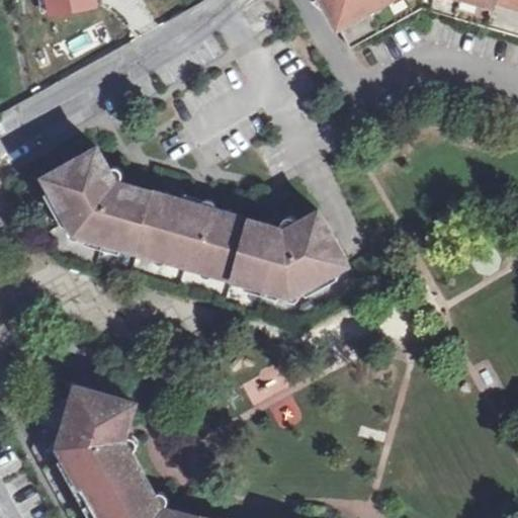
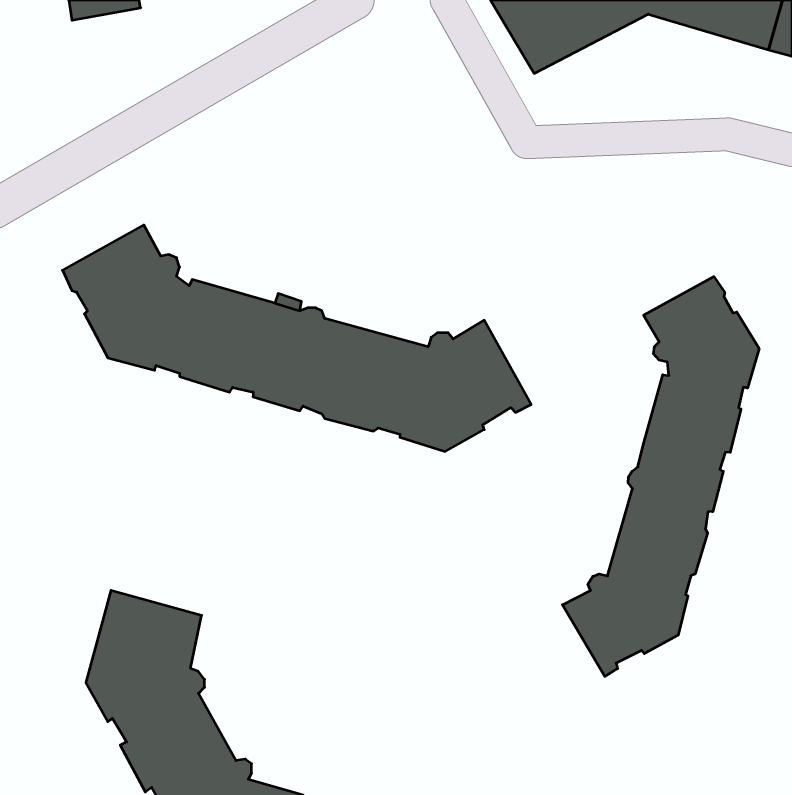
building: none -> [562,277,759,676]

